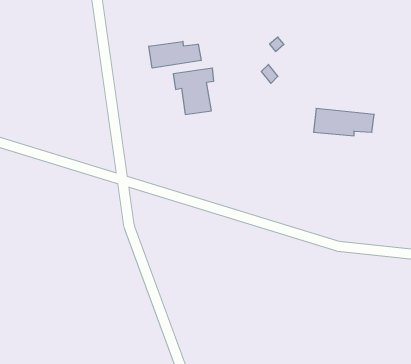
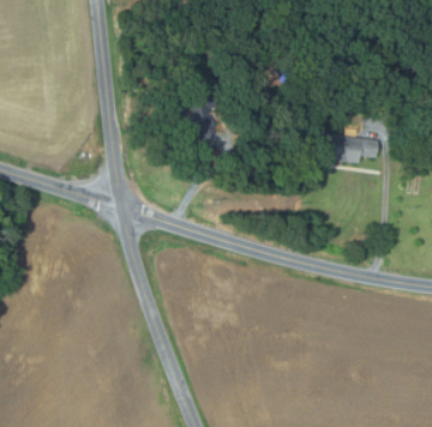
building: [149,41,201,68] -> none

